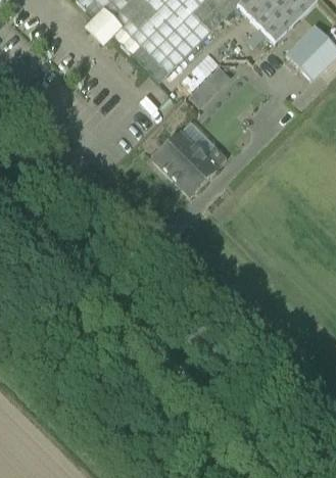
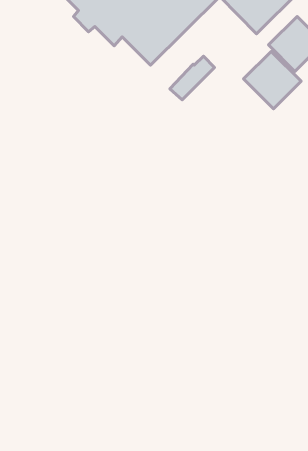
building: none -> [244,51,301,109]
building: [153,130,227,194] -> none

